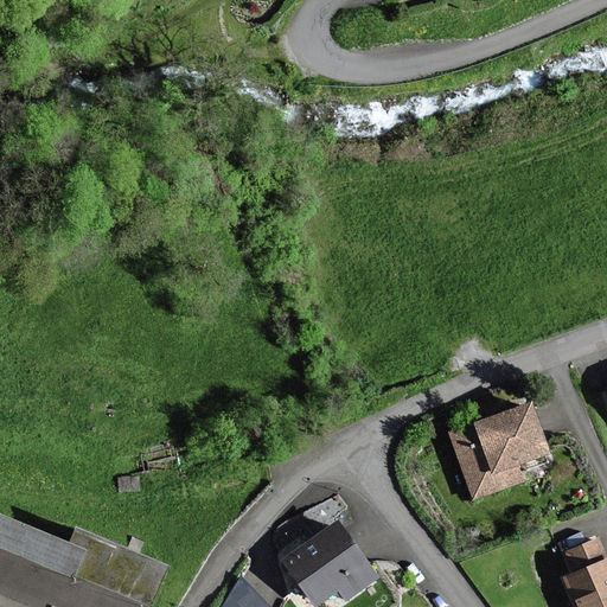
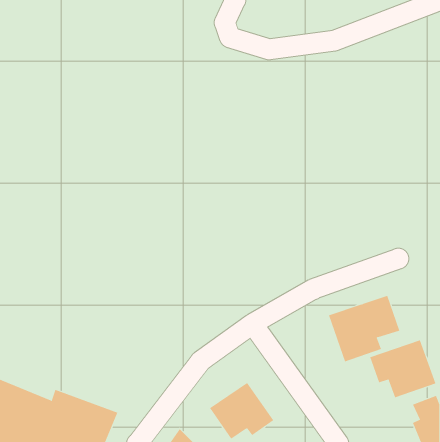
building: none -> [369,339,436,398]

